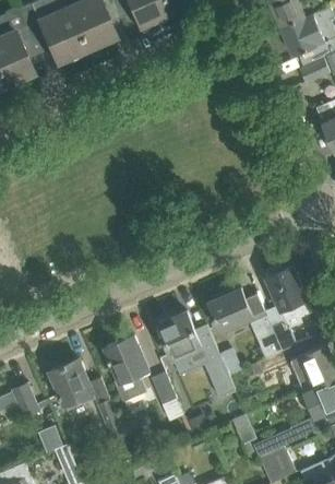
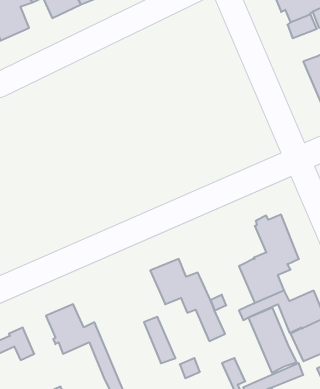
building: [208,290,264,332] -> none
building: [104,335,148,401] -> none
building: none -> [248,308,296,373]

